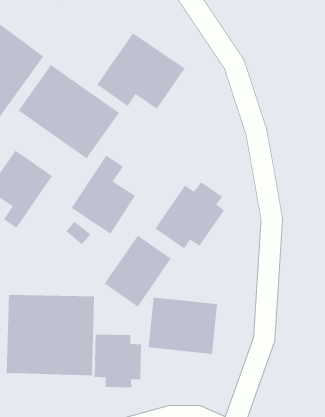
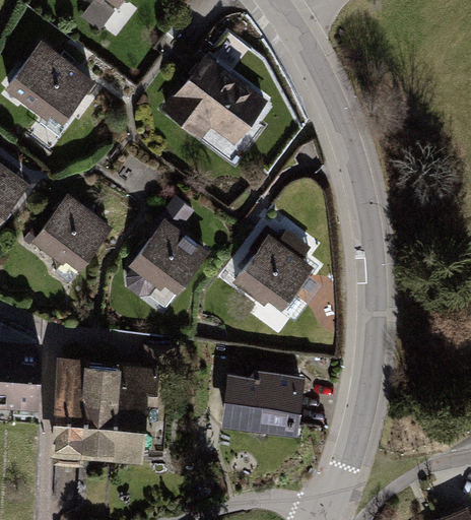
building: [18,64,120,159] -> none
building: [104,235,172,307] -> none
building: [94,334,142,388] -> none

